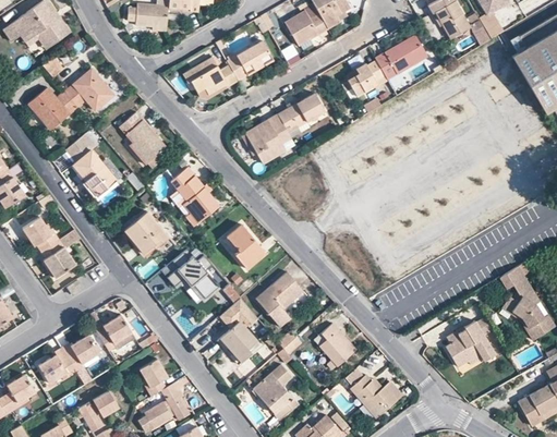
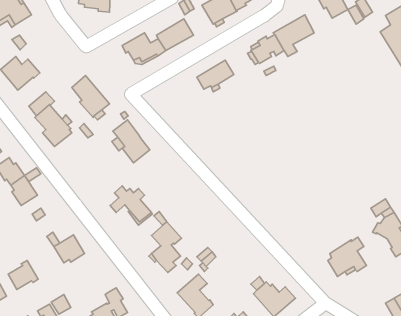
building: [63,68,114,111] -> none
building: [241,113,292,163] -> none
building: [124,210,169,254] -> none
building: [227,224,266,269] -> none
building: [255,271,303,327] -> none
building: [318,321,356,369] -> none
building: [62,333,100,371] -> none
building: [140,357,168,396] -> none

